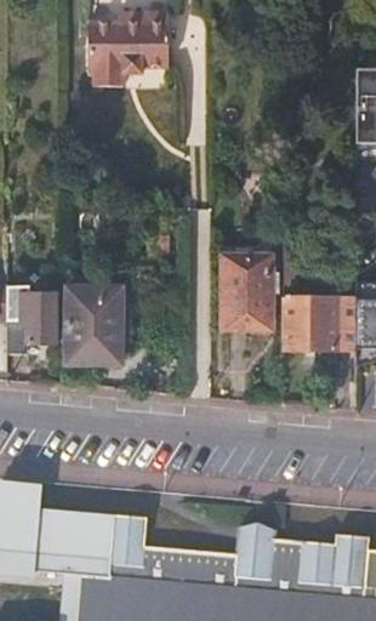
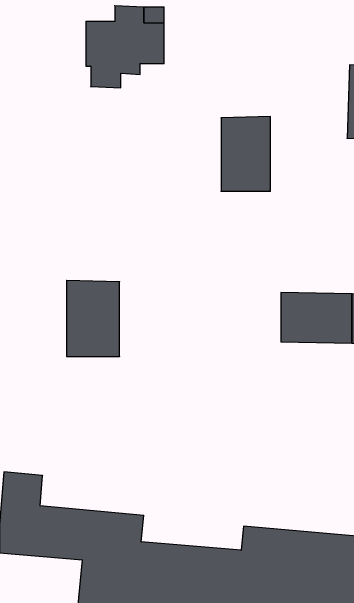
building: [223,256,273,331] -> [221,117,270,191]
building: [6,289,55,344] -> none

